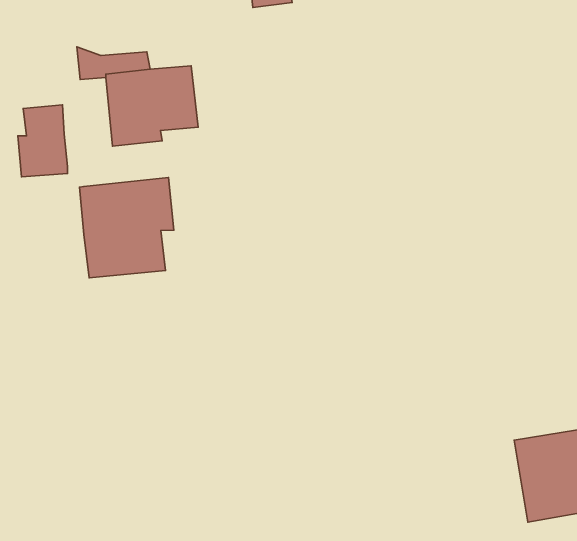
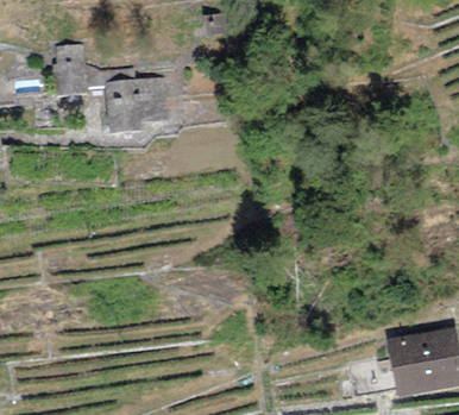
building: [18,105,68,177] -> [51,44,86,94]
building: [80,177,174,278] -> none

